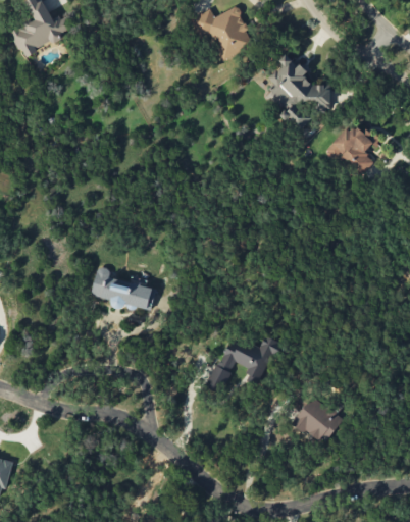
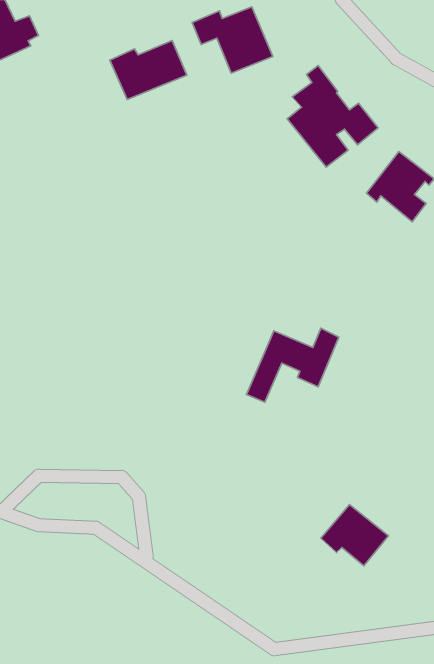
building: none -> [110,41,187,100]
building: [92,266,156,310] -> none
building: [207,334,279,393] -> [247,328,339,402]

